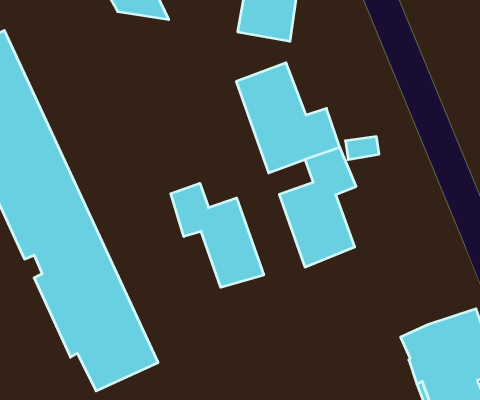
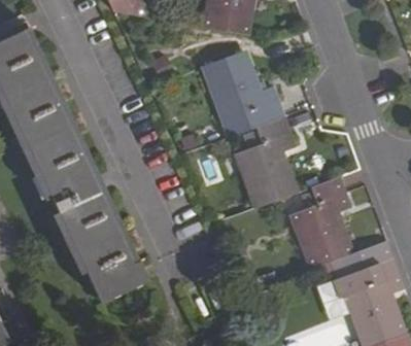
building: [171,183,264,287] -> none
building: none -> [293,176,352,268]

